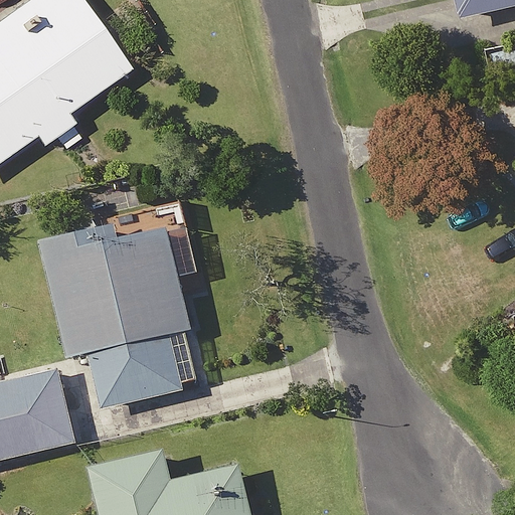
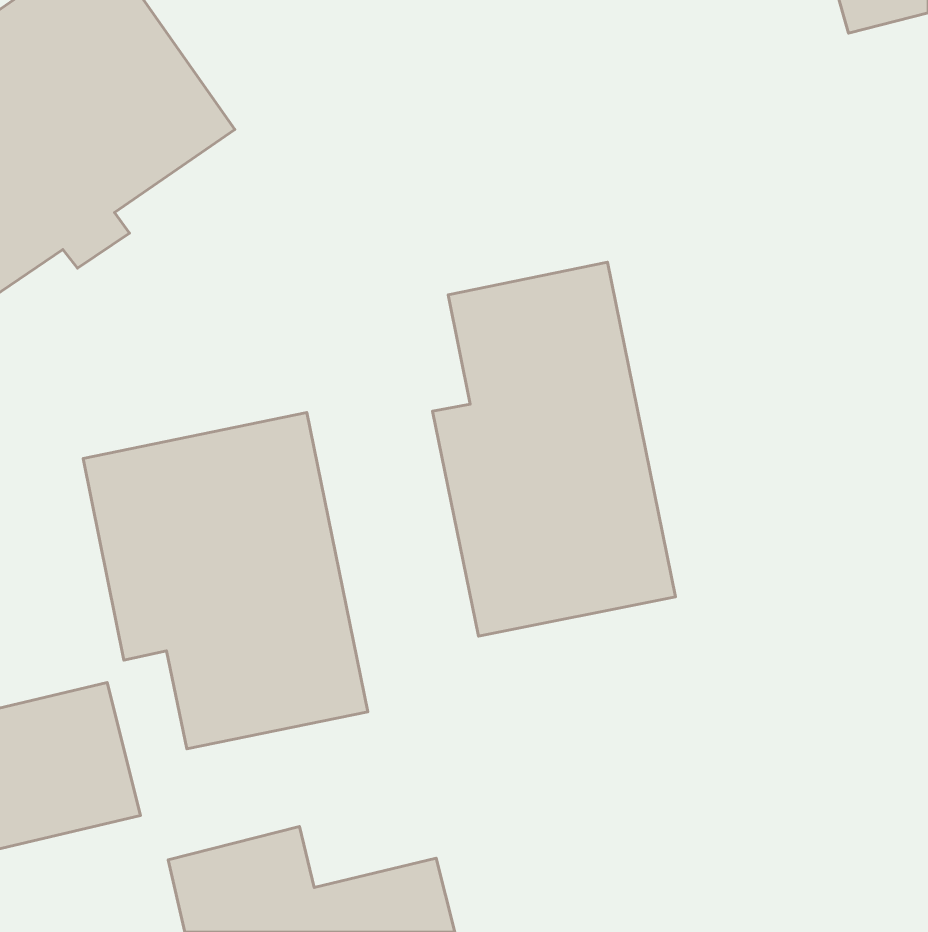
building: none -> [432,262,676,636]

